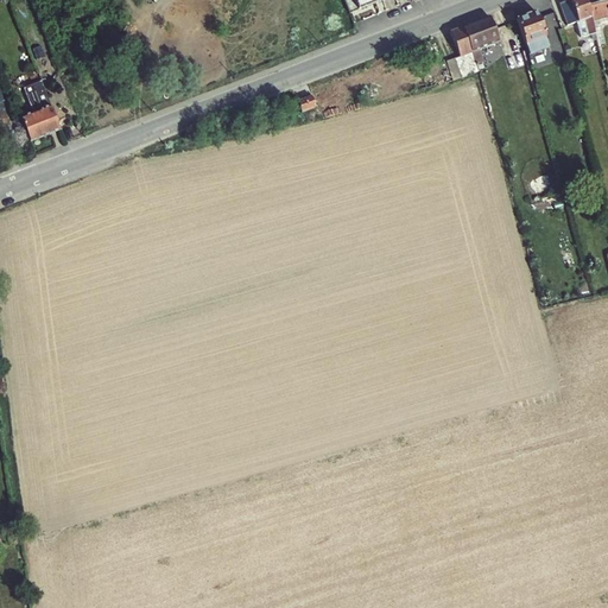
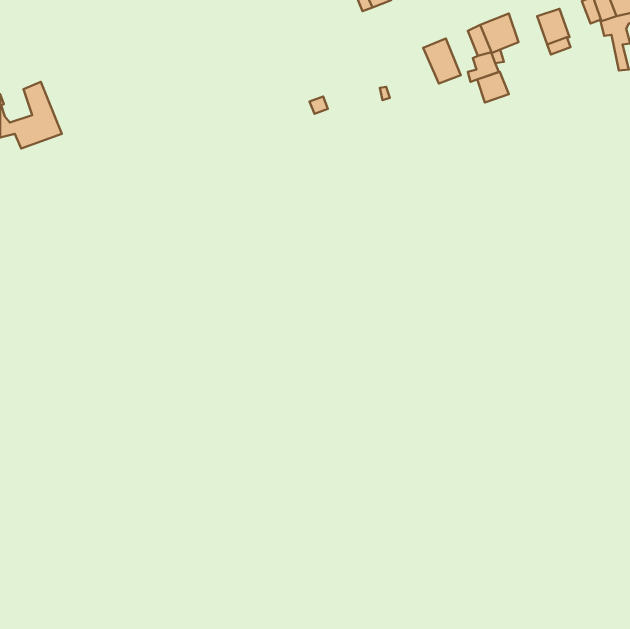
building: none -> [423,39,461,84]
building: none -> [477,72,509,102]

